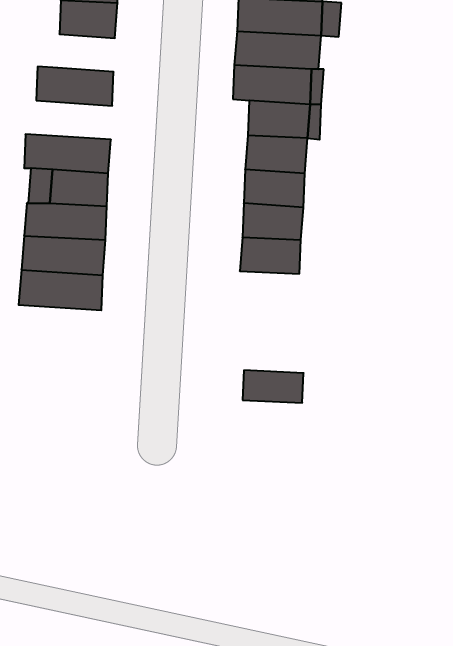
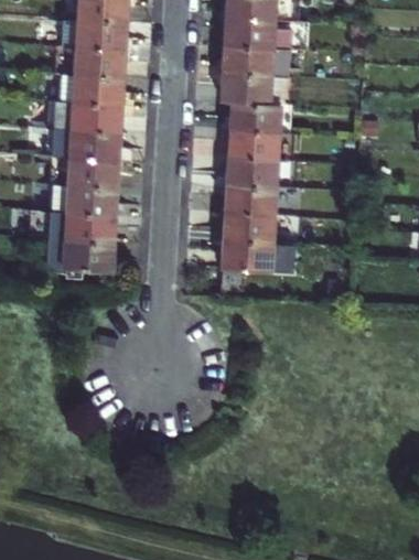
building: none -> [76,47,122,78]
building: none -> [50,101,120,133]
building: [243,370,304,403] -> [223,240,272,267]

